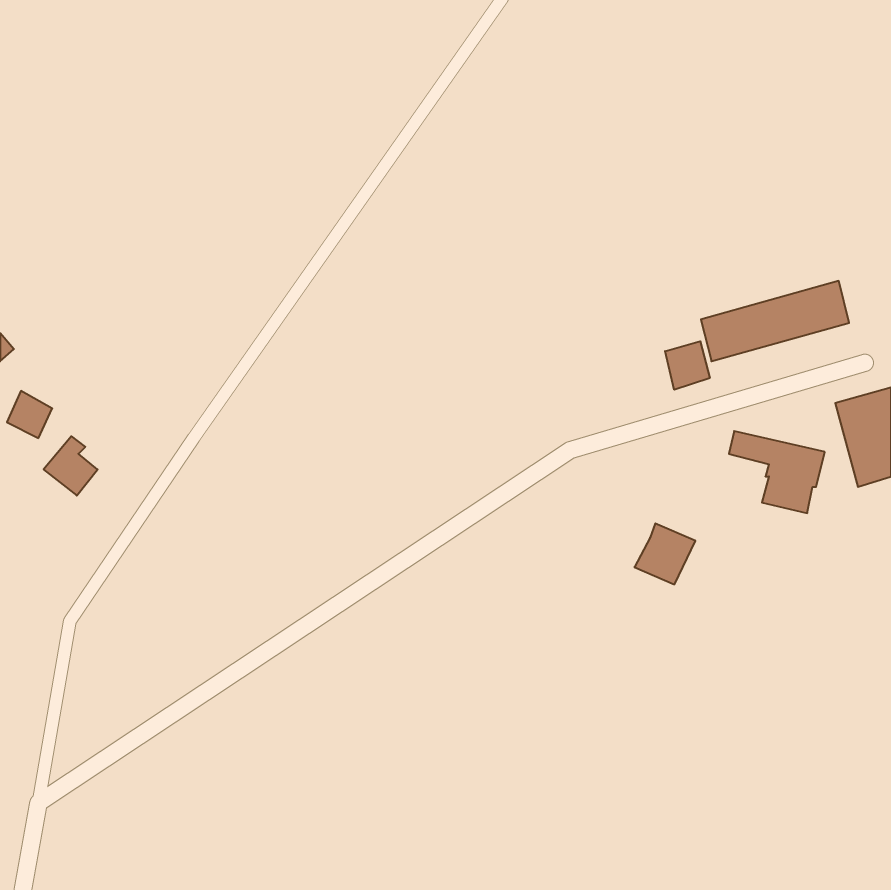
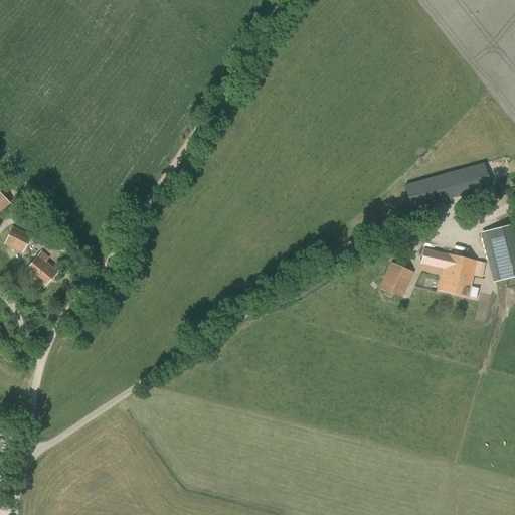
building: [665,341,710,390] -> none
building: [634,523,695,584] -> [378,262,413,297]

